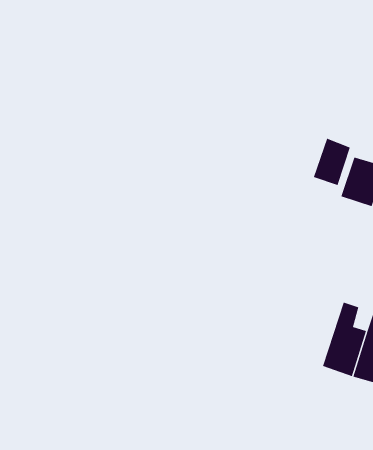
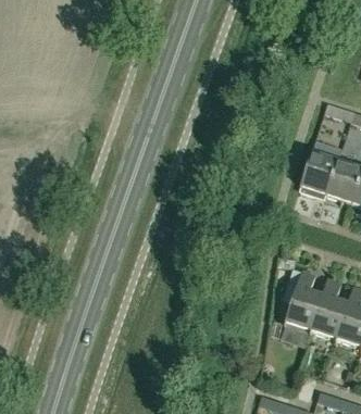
building: [313,138,351,186] -> none

